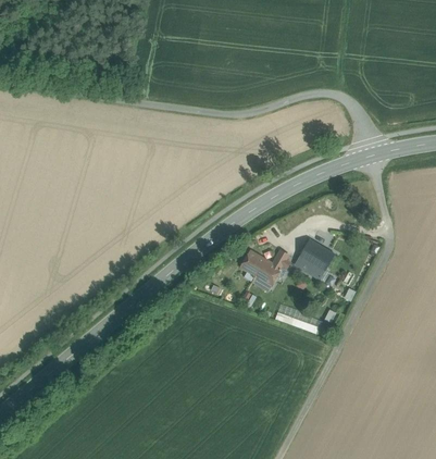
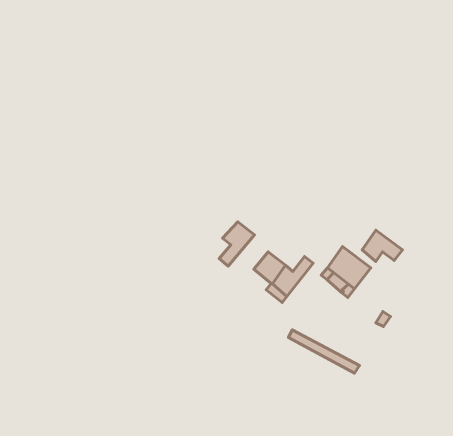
building: none -> [362,230,402,262]
building: none -> [219,222,255,266]

